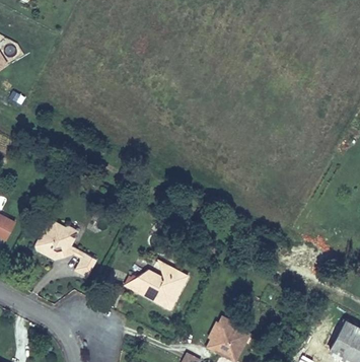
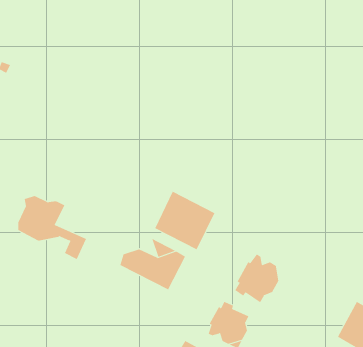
building: none -> [154,191,215,250]
building: none -> [234,254,279,303]

